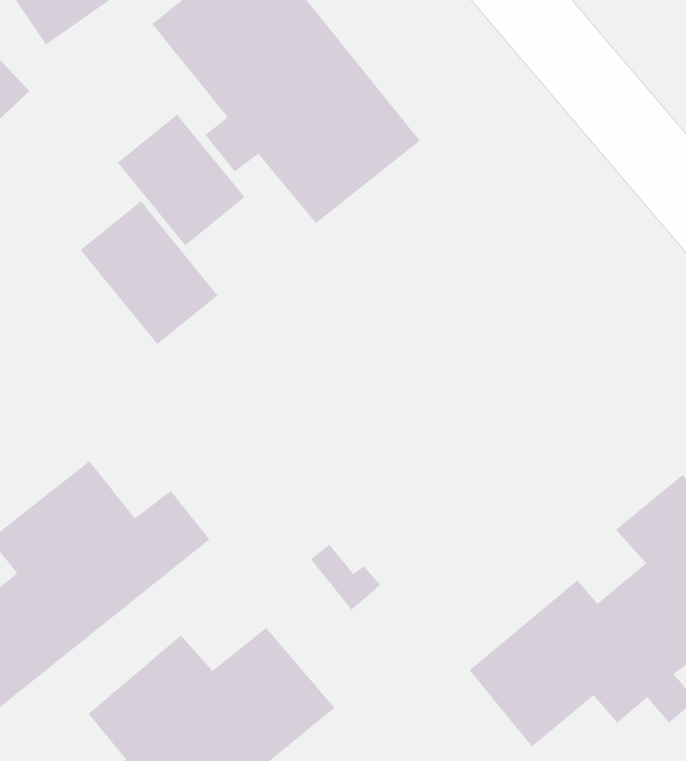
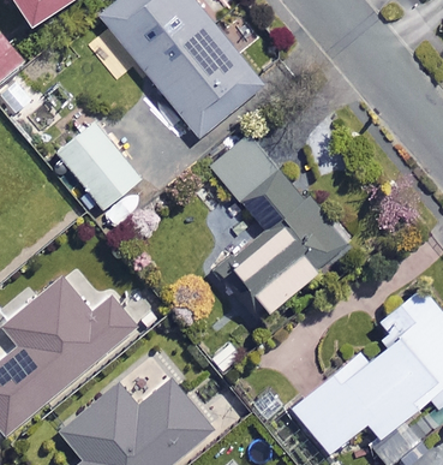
building: [117,113,245,246] -> none
building: none -> [210,129,348,314]

